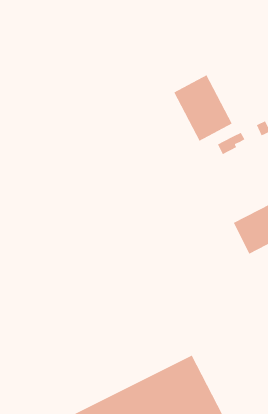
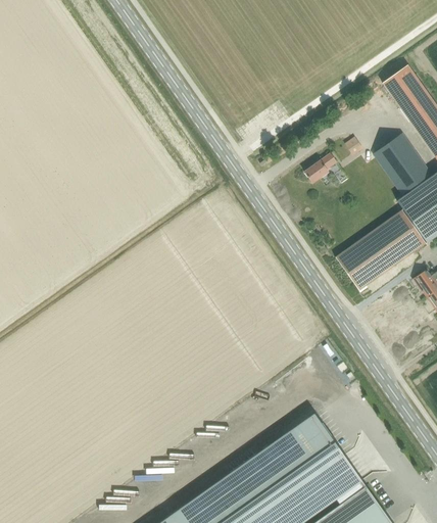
building: [173,74,233,142] -> none

